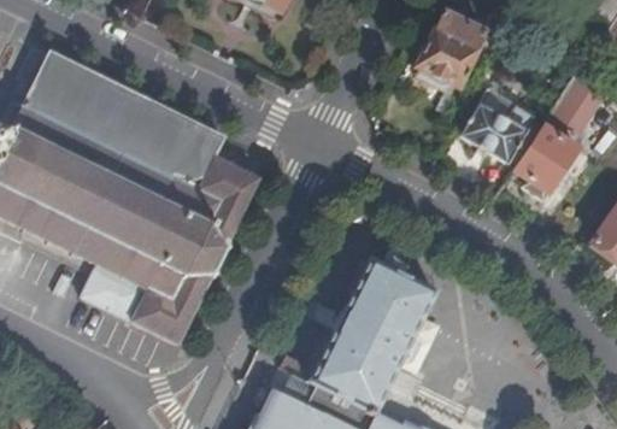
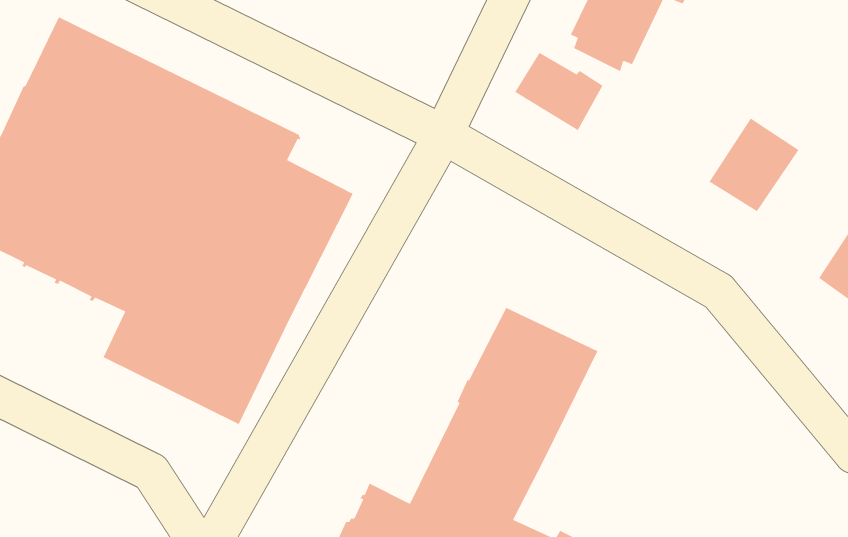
building: [551,70,604,131] -> none
building: [462,105,525,161] -> [514,52,603,131]

